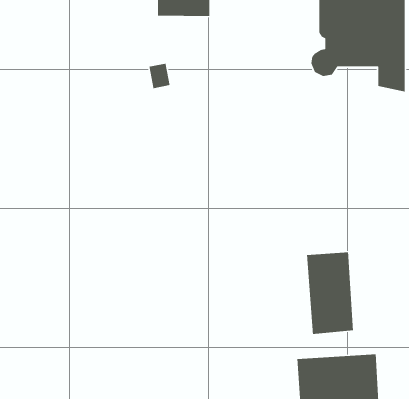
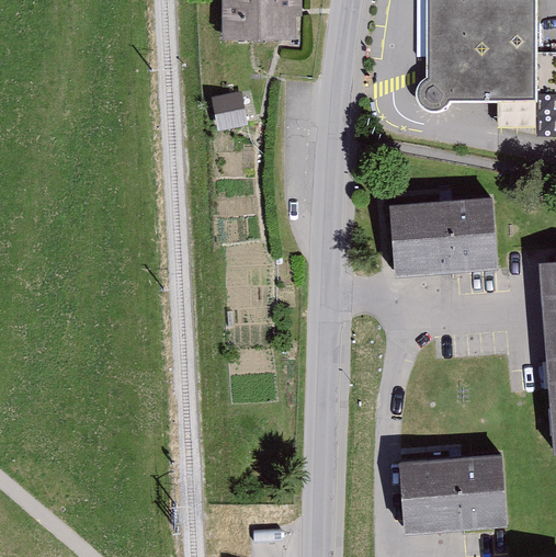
building: none -> [393,198,496,268]
building: [306,251,354,335] -> none

